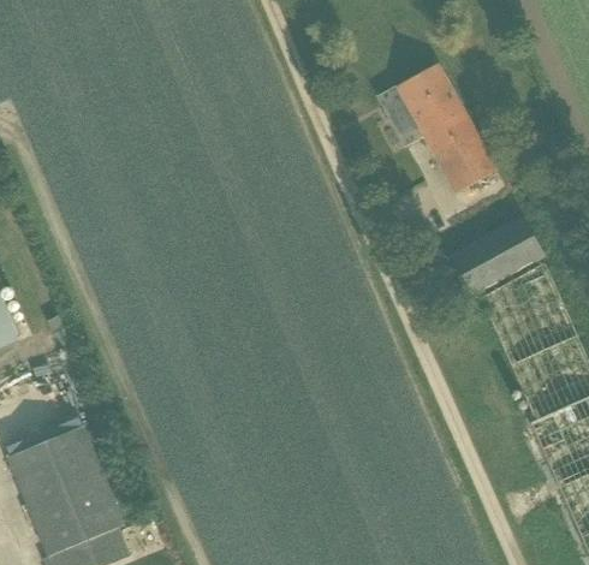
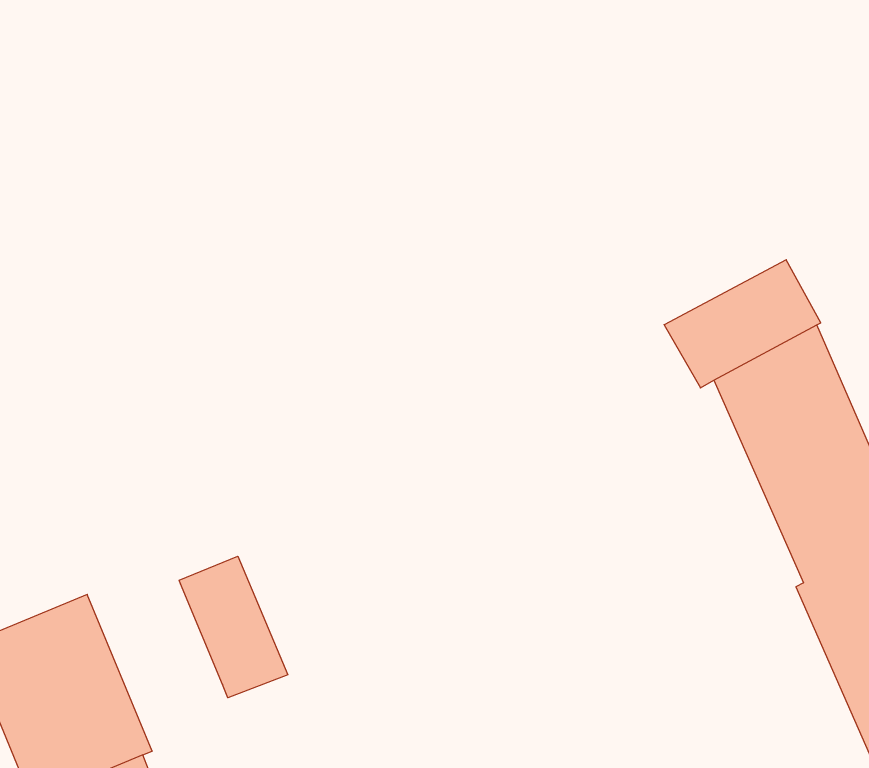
building: [379,61,498,192] -> none
building: none -> [179,556,288,698]

